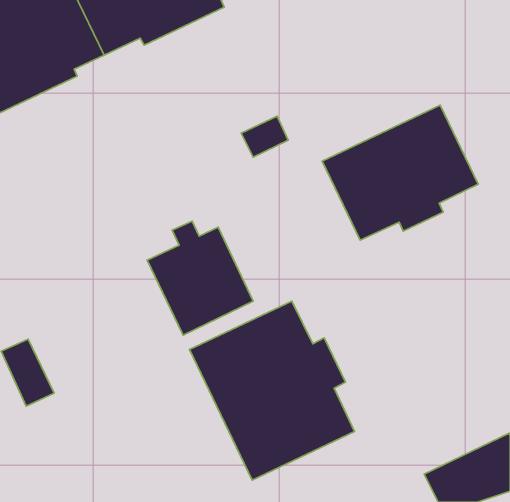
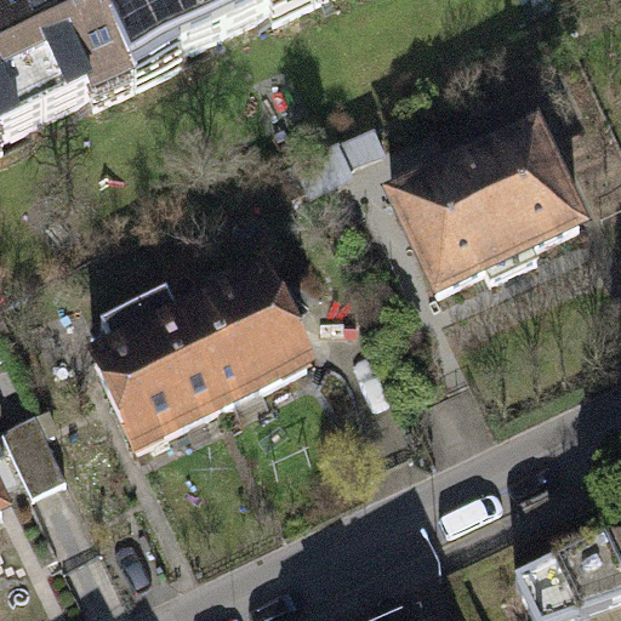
building: none -> [93,289,221,445]
building: [189,301,354,480] -> none

